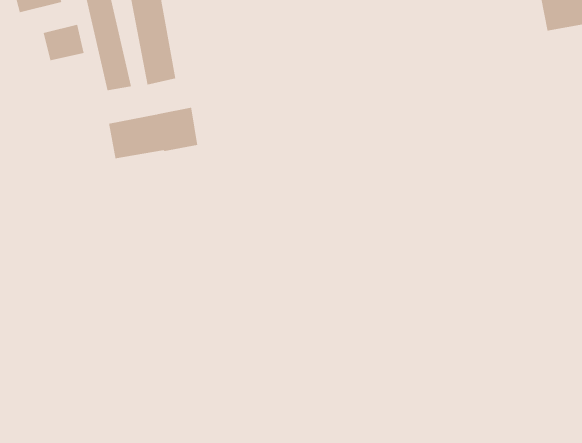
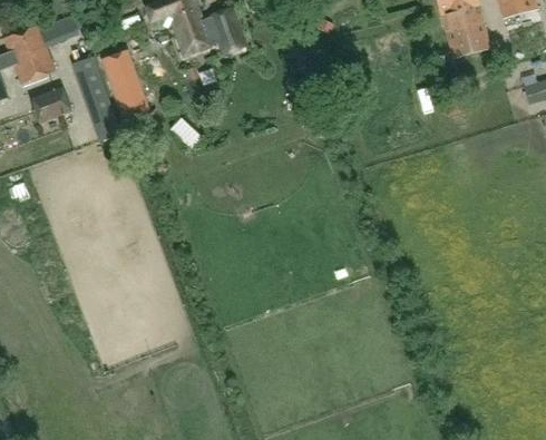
building: [109,107,198,159] -> none

